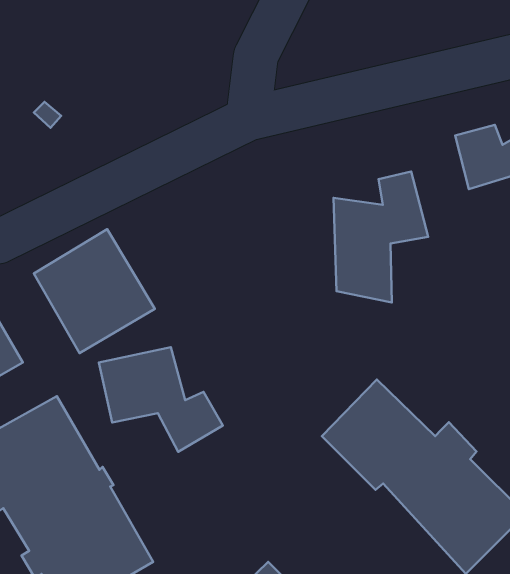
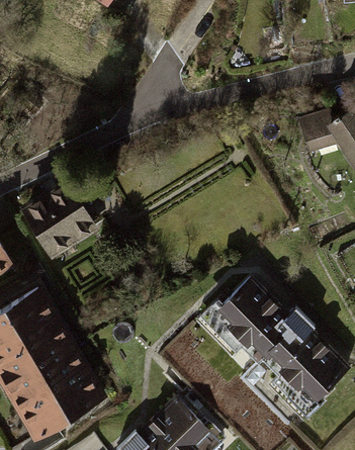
building: [334,171,428,303] -> none
building: [99,347,223,452] -> none

